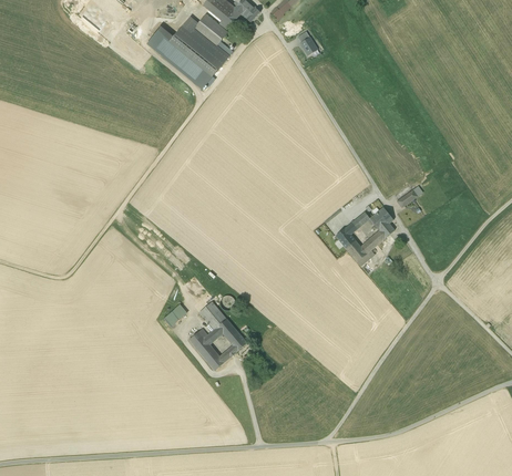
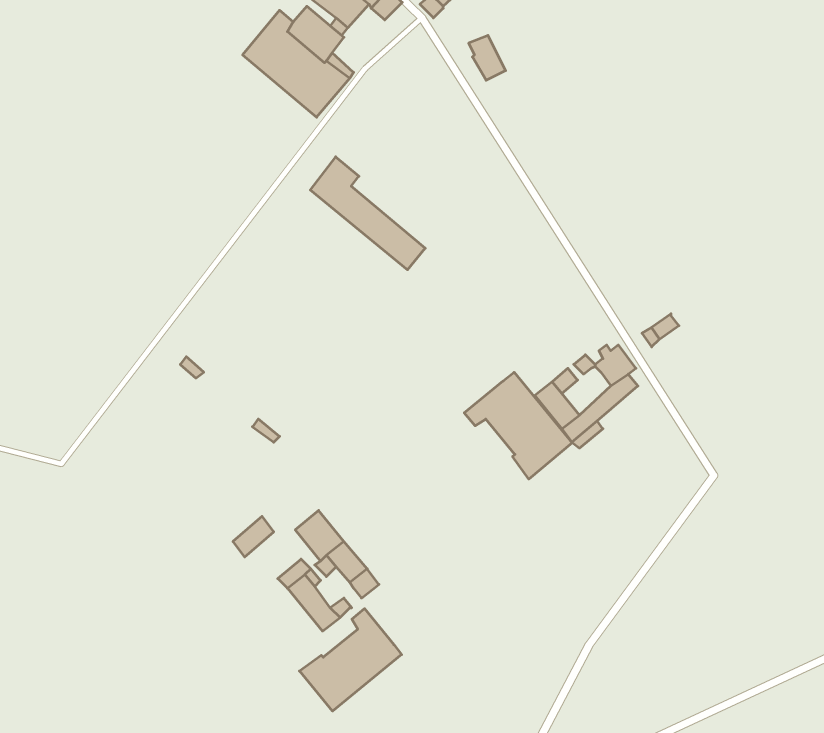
building: [145,24,211,89] -> [310,157,425,270]
building: none -> [464,372,572,479]
building: none -> [299,609,402,711]

